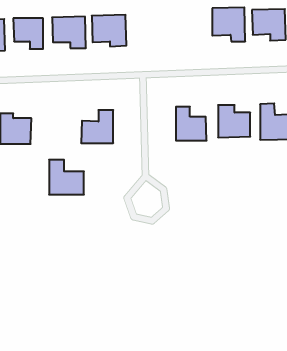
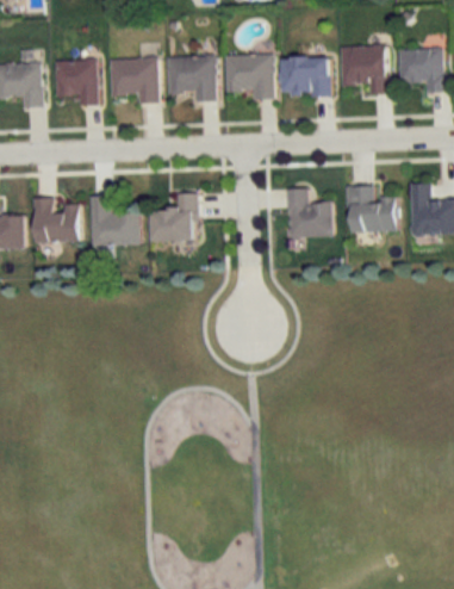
building: none -> [226,55,273,99]
building: none -> [284,57,330,97]
building: [49,160,84,195] -> [89,196,139,246]

